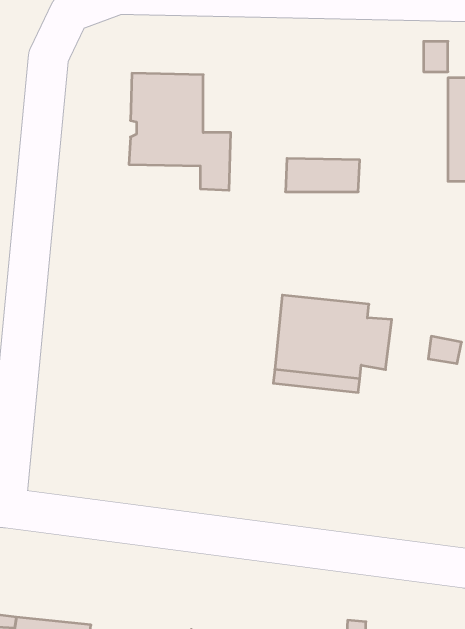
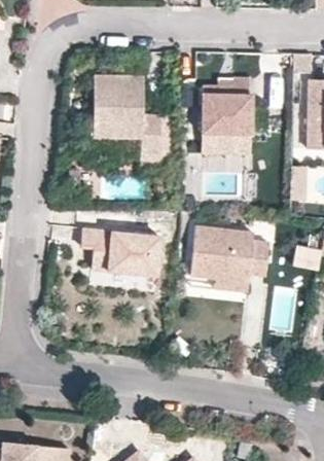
building: none -> [202,77,251,134]
building: none -> [83,226,163,274]

